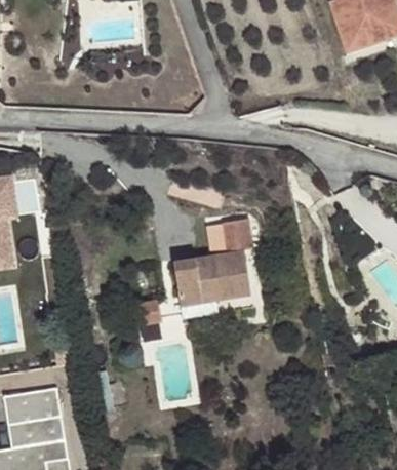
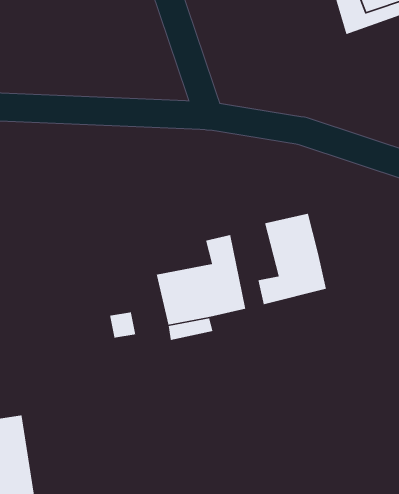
building: none -> [258,213,327,305]

